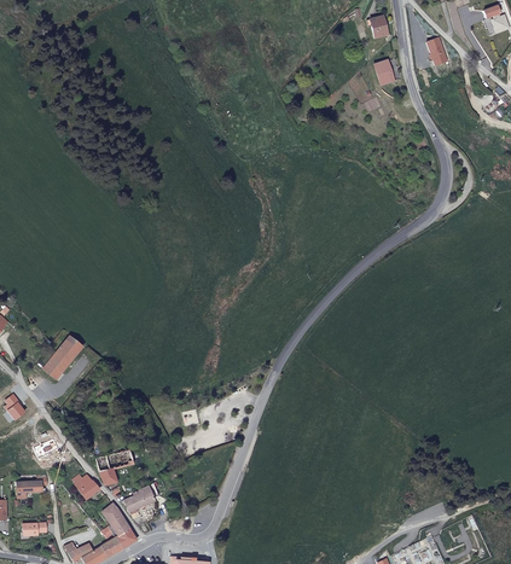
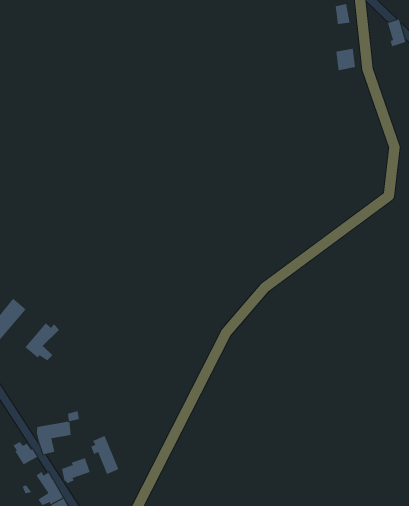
building: none -> [25,322,60,361]
building: none -> [90,435,119,475]

